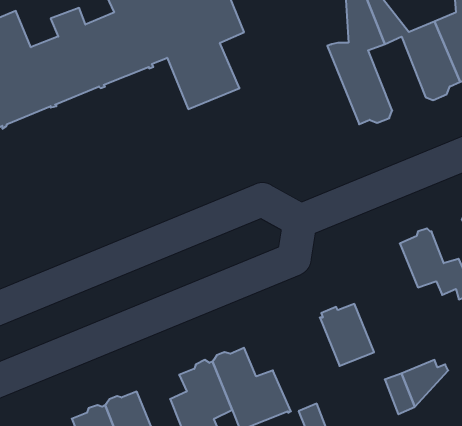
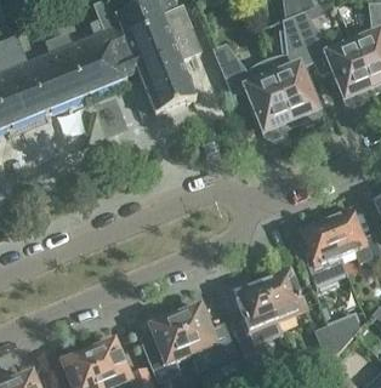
building: none -> [212,42,292,137]
building: none -> [301,219,340,285]
building: none -> [232,278,282,343]

